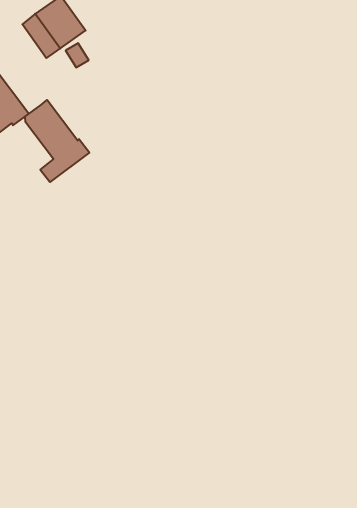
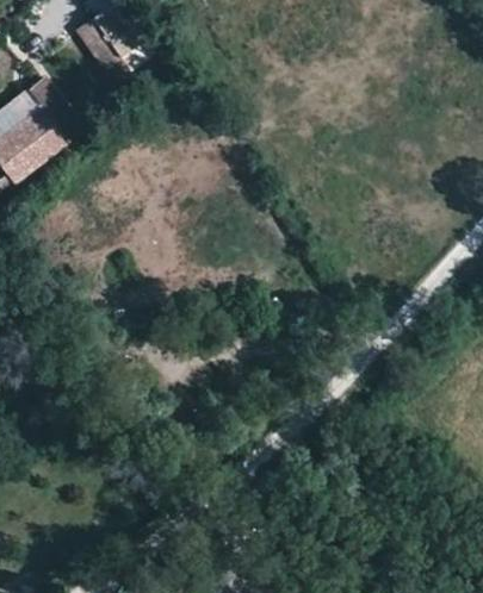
building: [25,100,89,182] -> none

